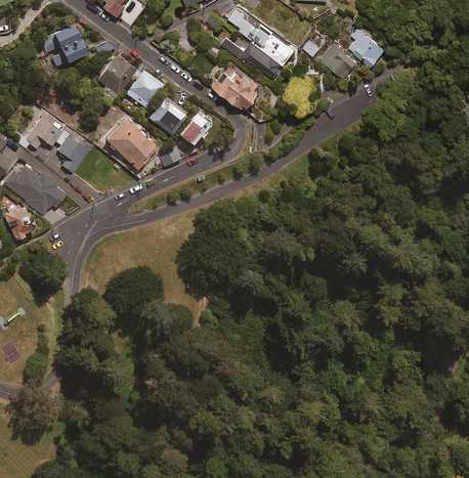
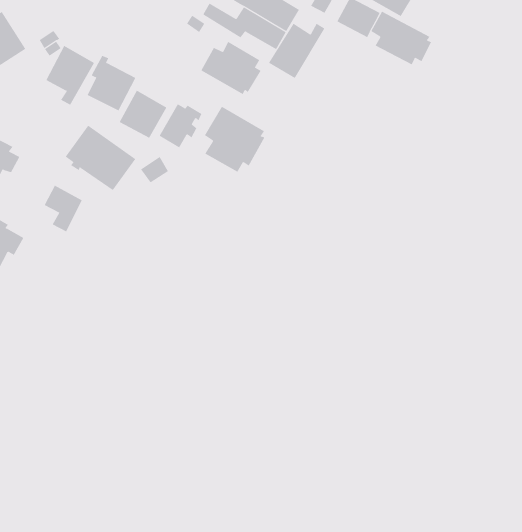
building: none -> [371,11,432,65]
building: none -> [268,23,325,79]
building: none -> [204,106,265,173]
building: [58,136,88,173] -> [44,185,82,232]

